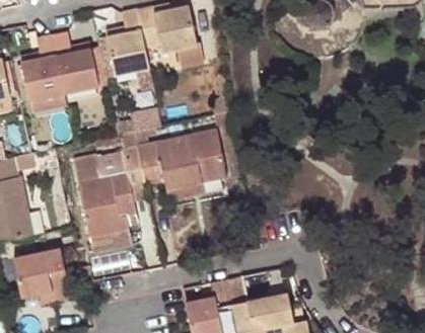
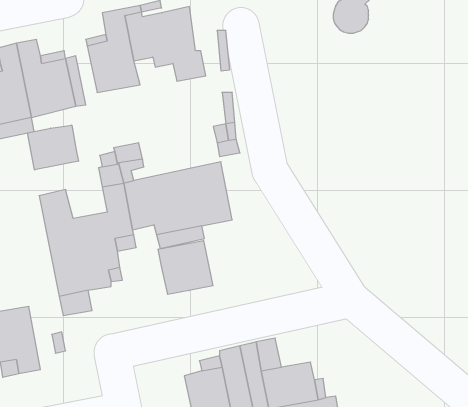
building: none -> [27,125,78,170]
building: none -> [158,240,213,294]

